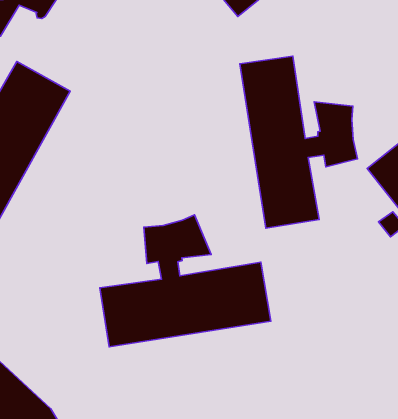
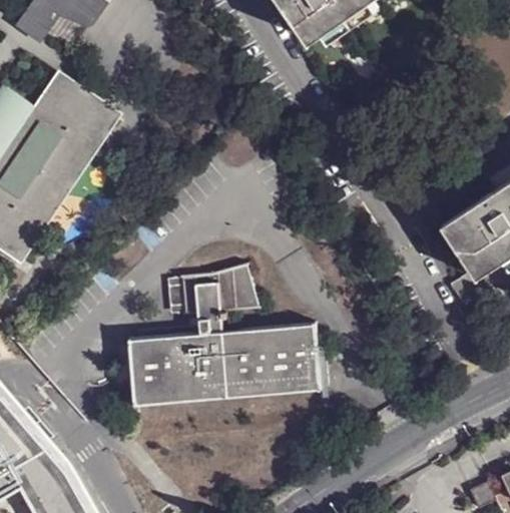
building: [240,56,358,228] -> none

